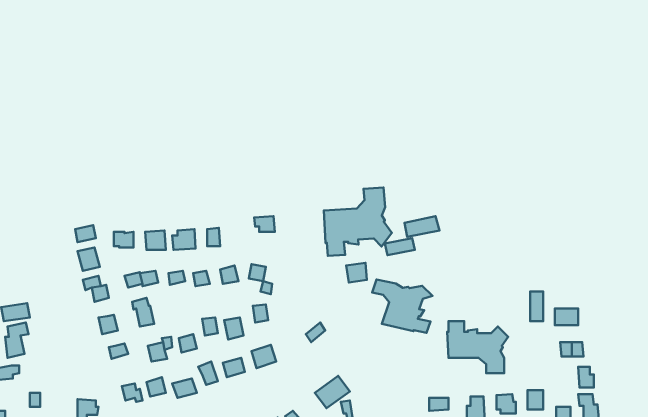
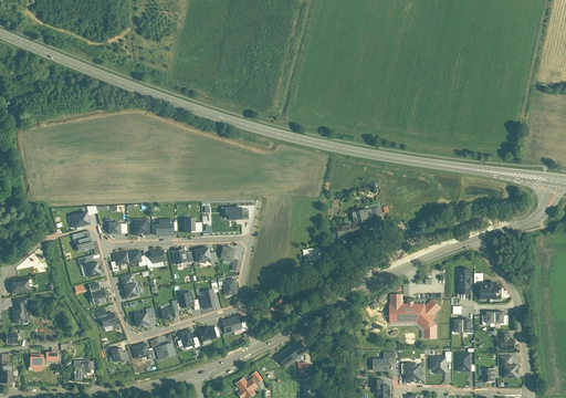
building: [324,188,392,256] -> none
building: [372,280,432,333] -> none

